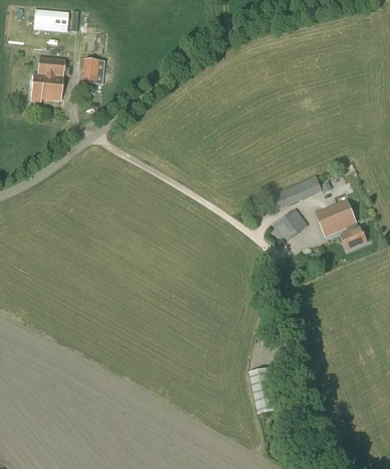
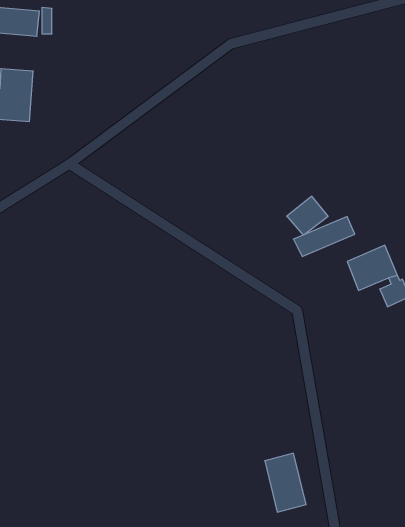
building: [80,58,104,85] -> none
building: [274,208,308,240] -> [287,196,328,235]

